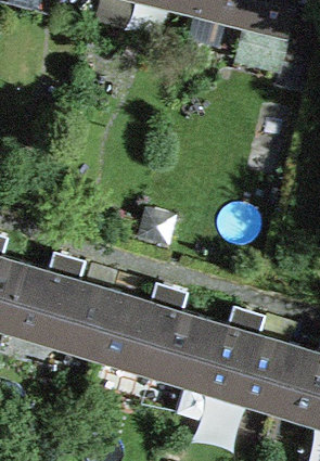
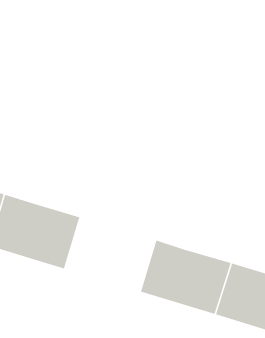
building: [79,290,188,379] -> none

